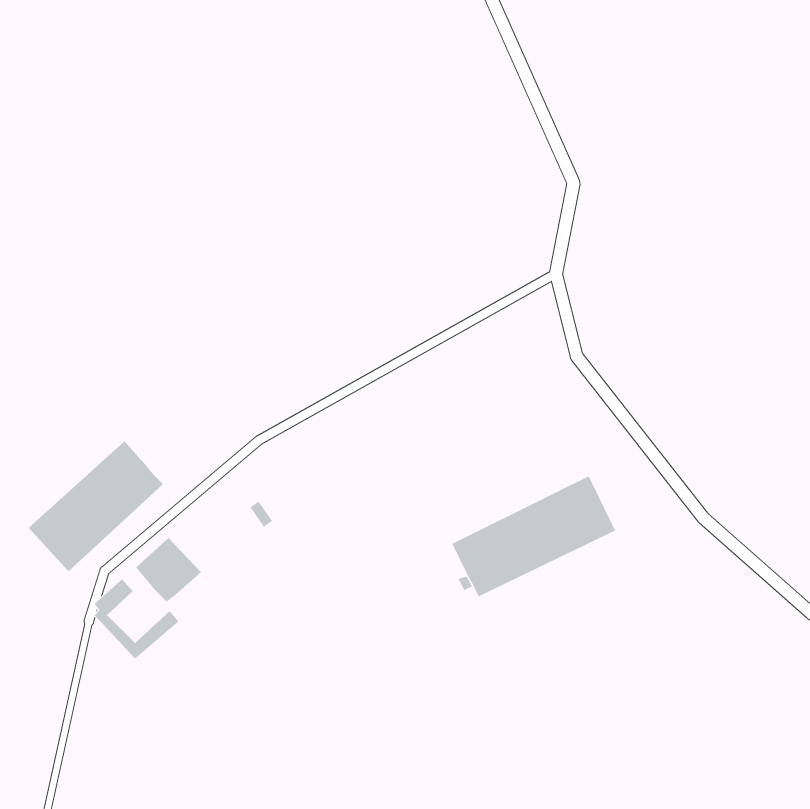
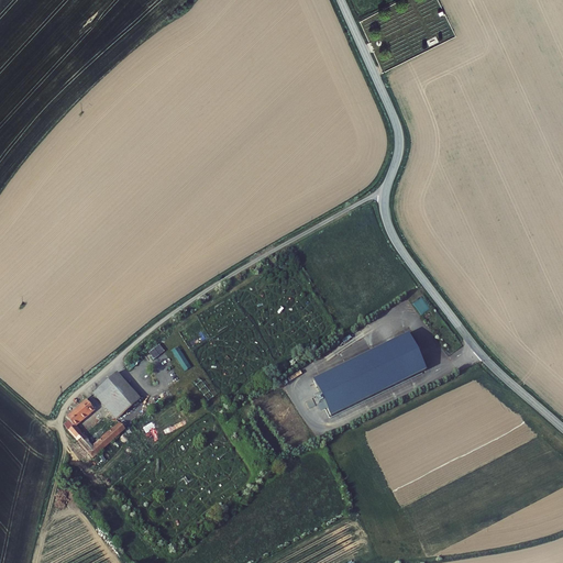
building: [28,440,164,572] -> none

